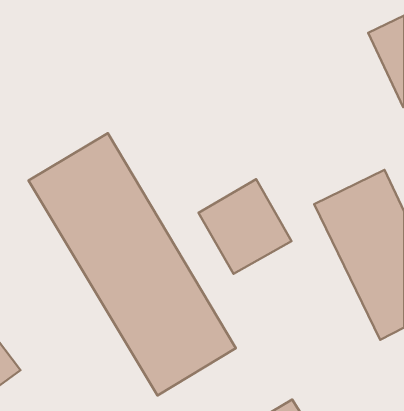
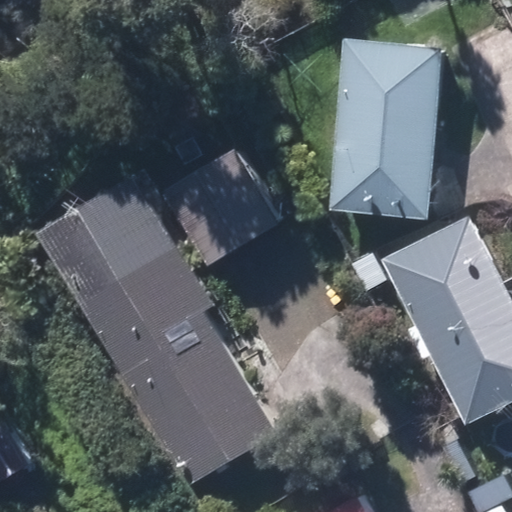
building: none -> [330,39,444,221]
building: [198,179,291,274] -> [163,151,277,267]

